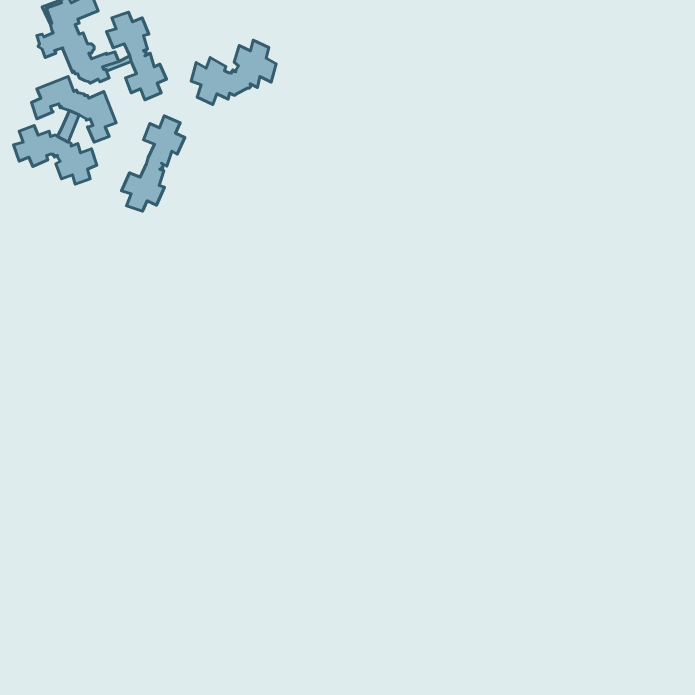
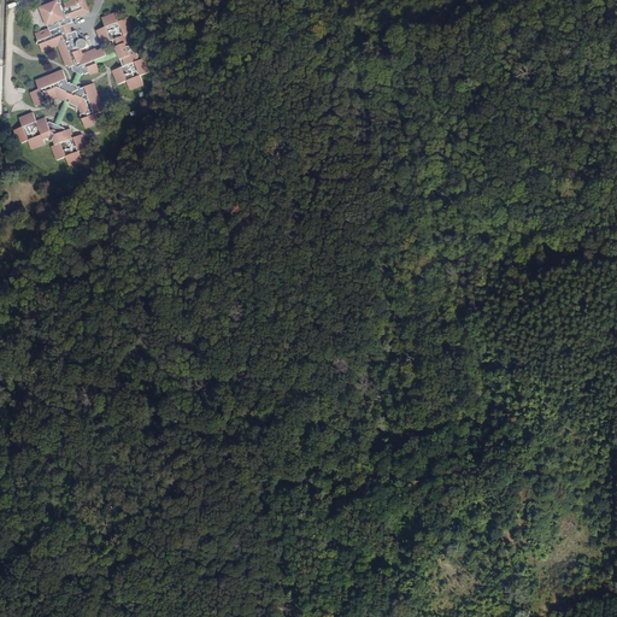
building: [191,40,276,104] -> none
building: [122,116,185,211] -> none

